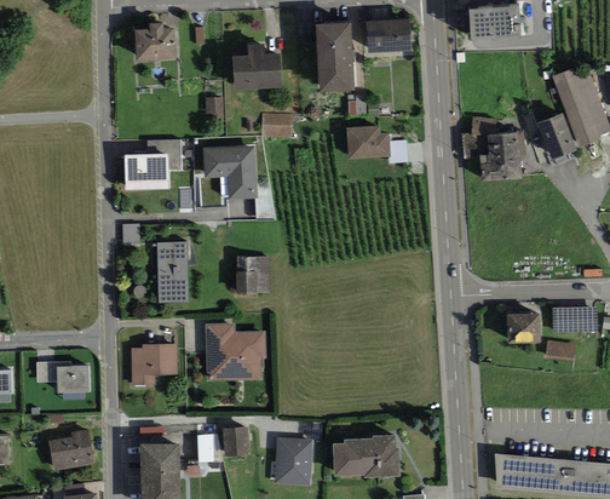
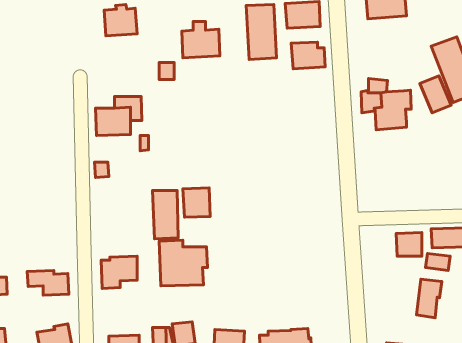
building: [261,113,293,137] -> none
building: [346,125,390,159] -> [291,42,325,69]
building: [203,145,258,200] -> none
building: [156,241,189,303] -> [153,190,178,239]
building: none -> [416,279,442,318]

